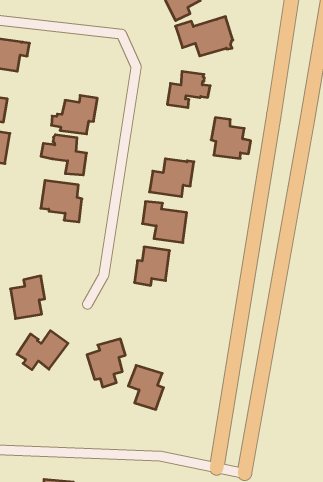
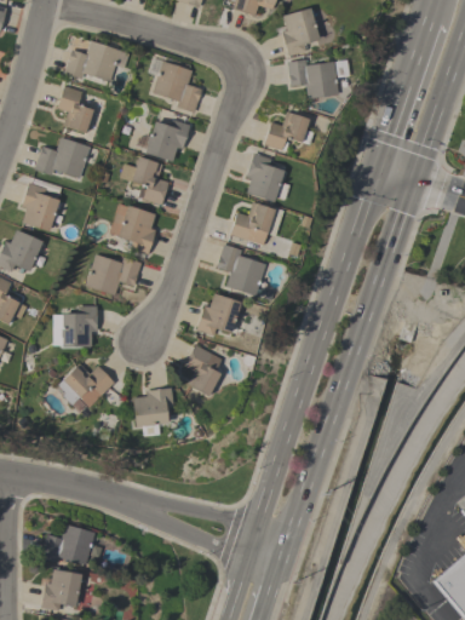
building: none -> [149,58,203,113]
building: [211,118,251,158] -> [247,154,289,202]
building: none -> [86,254,142,295]
building: [128,365,164,409] -> [184,345,223,396]

